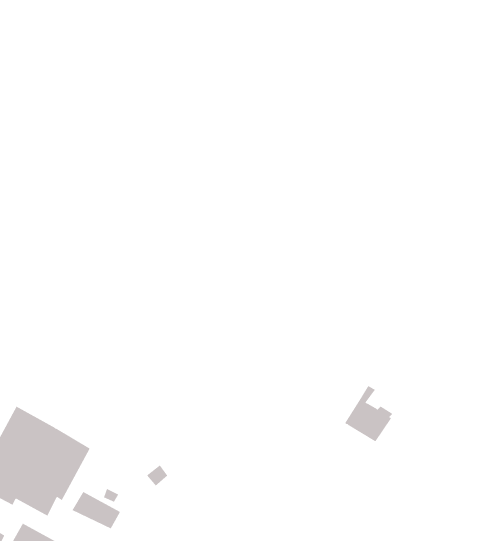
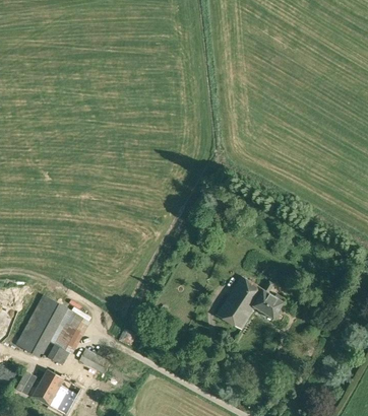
building: none -> [214,276,262,330]

